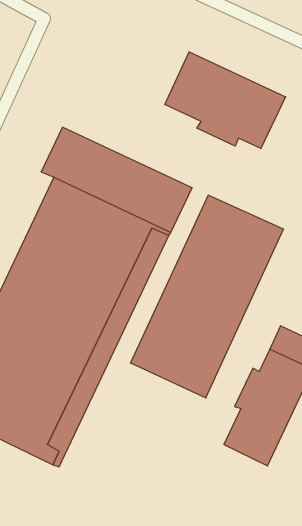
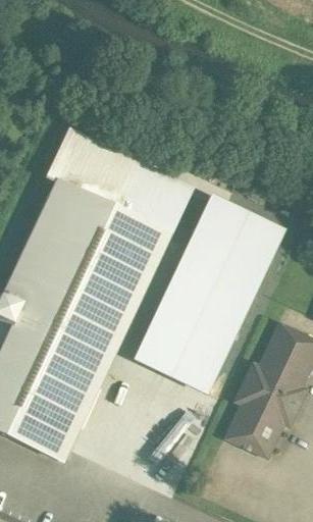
building: [165,52,286,149] -> none

